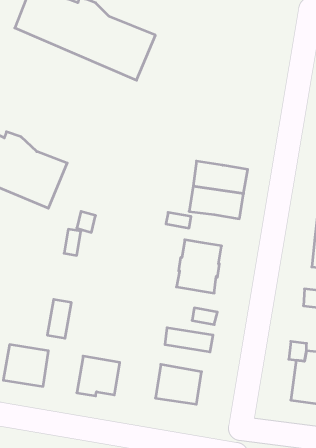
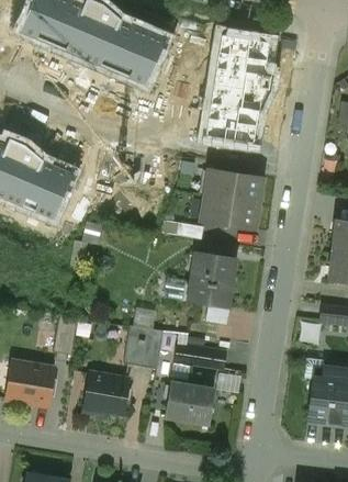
building: none -> [205,33,273,144]
building: none -> [124,325,164,369]

